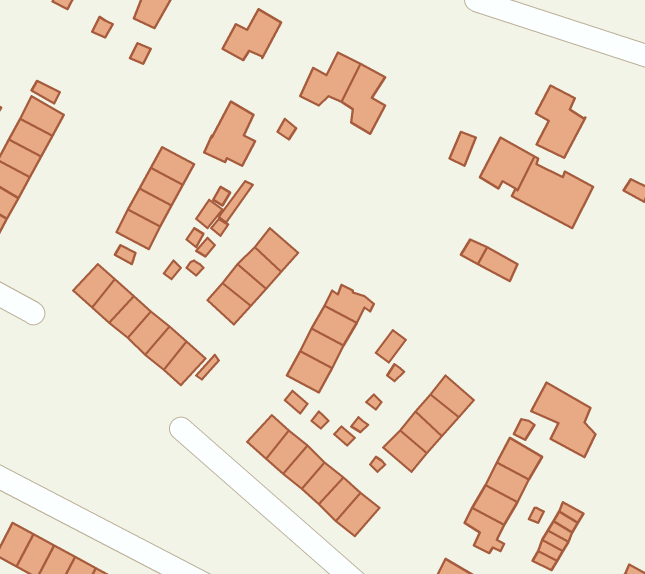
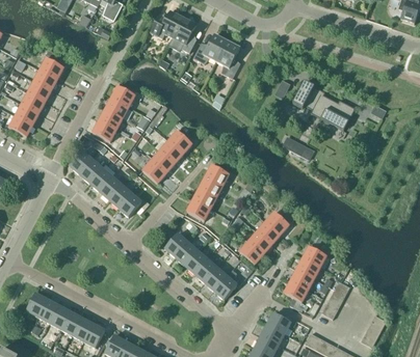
building: [536,86,586,158] -> none
building: [204,102,255,166] -> [168,17,196,52]
building: [531,383,595,457] -> none

